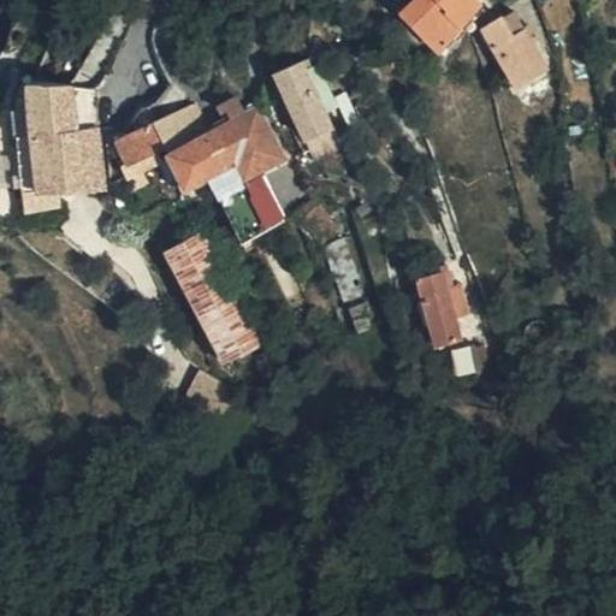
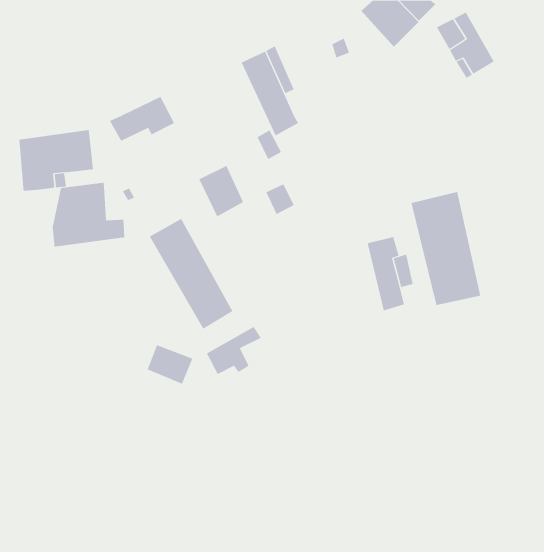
building: [18,83,100,155] -> [52,182,125,247]
building: [168,99,279,179] -> none
building: none -> [411,191,481,306]
building: none -> [206,326,261,375]

